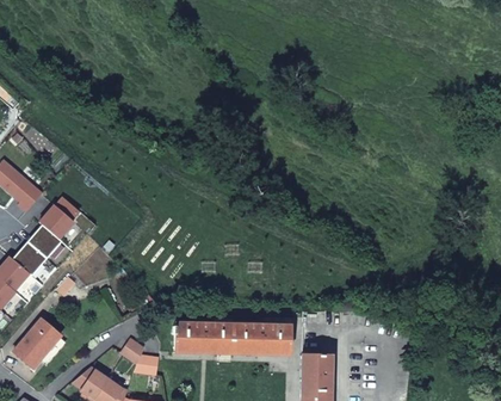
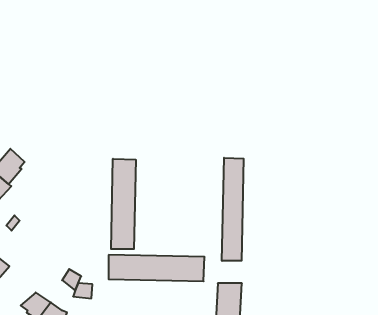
building: none -> [222,158,244,261]
building: none -> [111,159,136,249]

